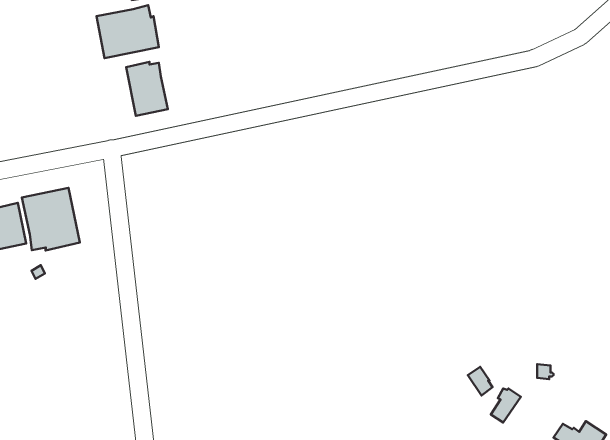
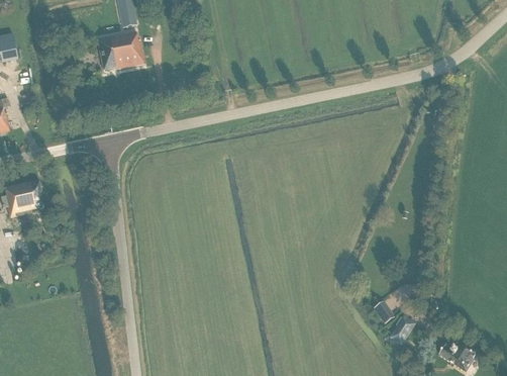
building: [126,62,168,116] -> none
building: [22,188,80,251] -> none

